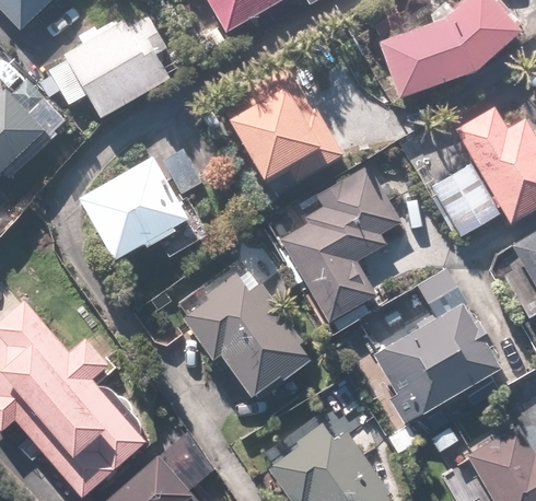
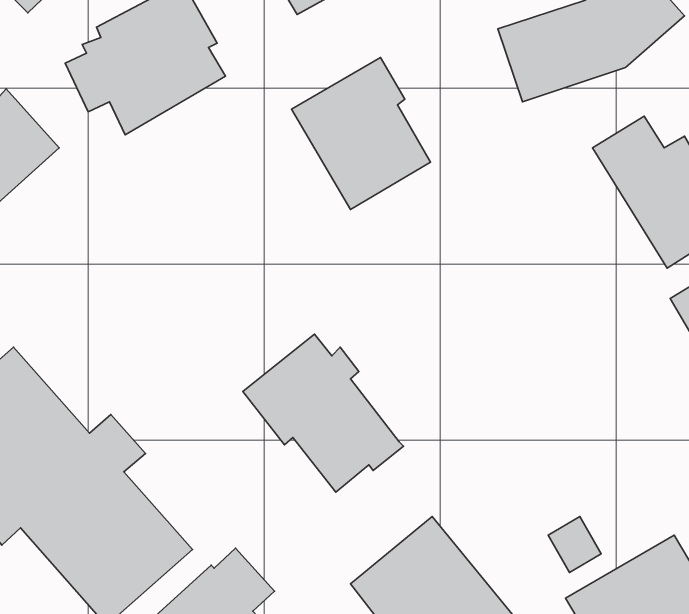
building: [83,148,208,260] -> none
building: [424,162,494,234] -> none
building: [281,165,400,321] -> none
building: [363,287,504,426] -> none

